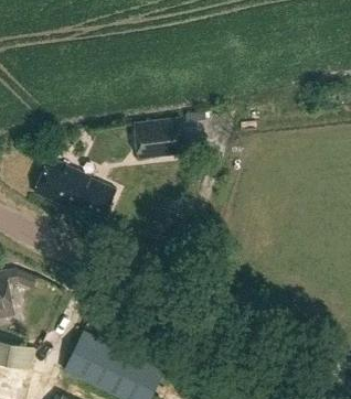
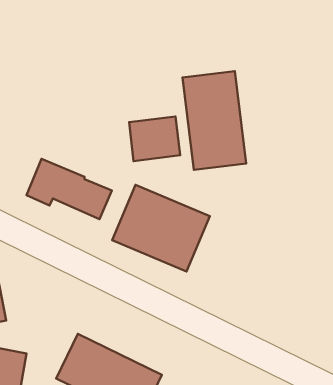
building: none -> [183,71,246,170]
building: none -> [112,185,210,271]

